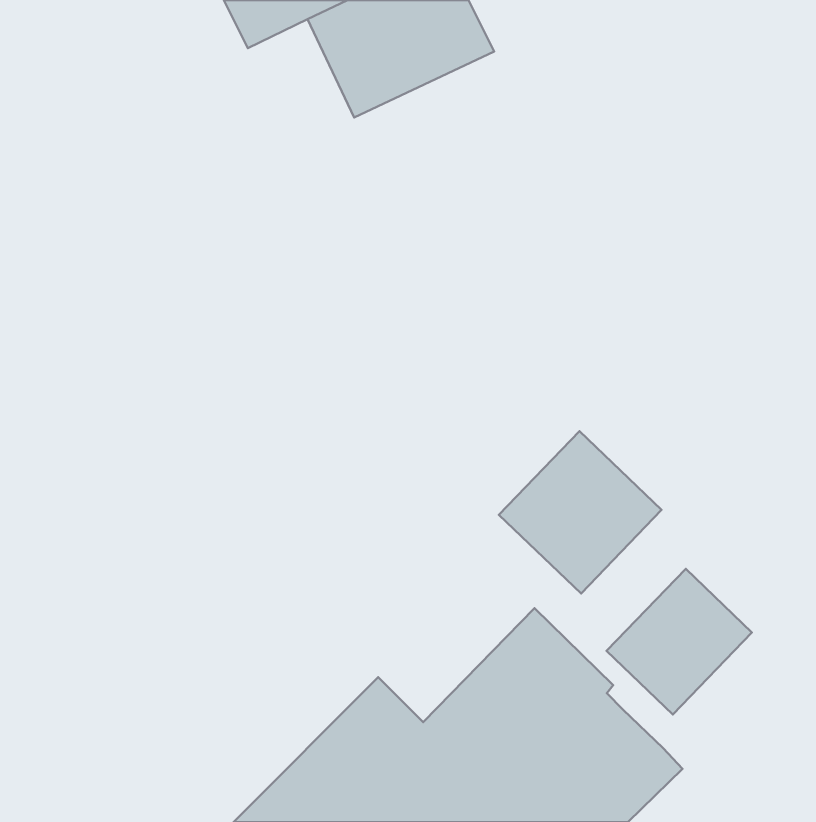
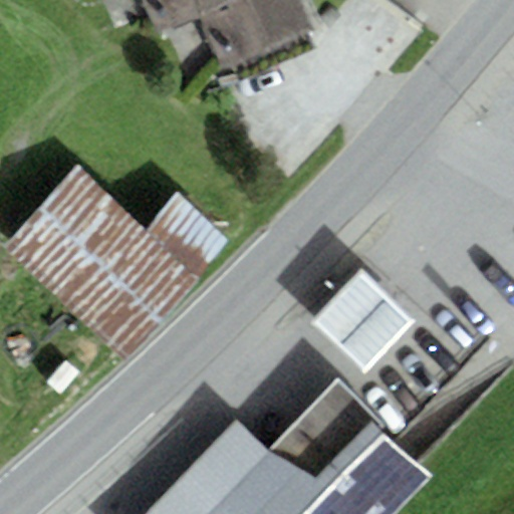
building: none -> [6,165,225,350]
building: [607,569,752,715] -> none

